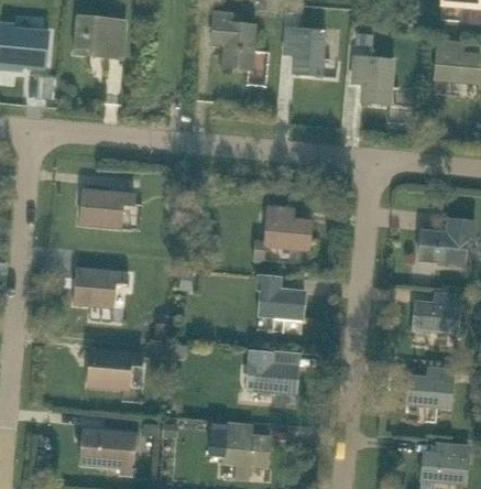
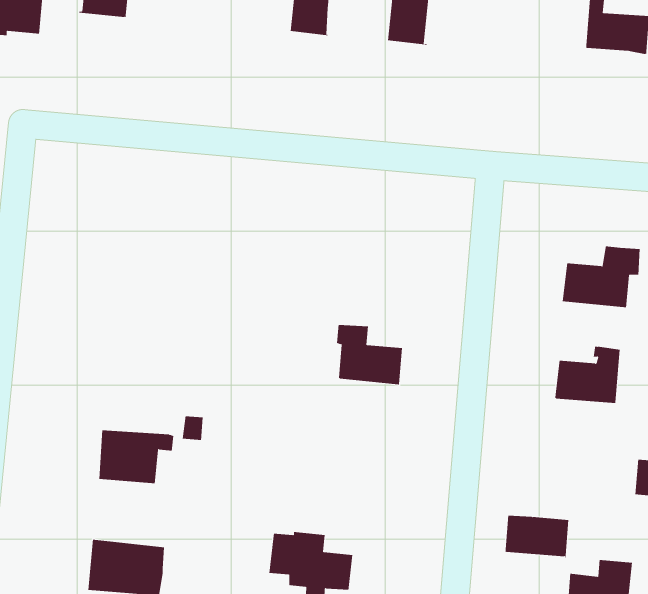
building: [362,57,394,104] -> none
building: [80,189,135,228] -> none
building: [253,217,311,259] -> none
building: [74,269,128,307] -> none
building: [248,350,299,394] -> none
building: [406,377,452,409] -> [504,515,569,560]

